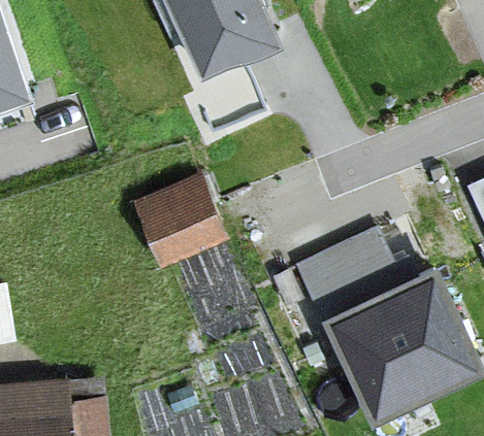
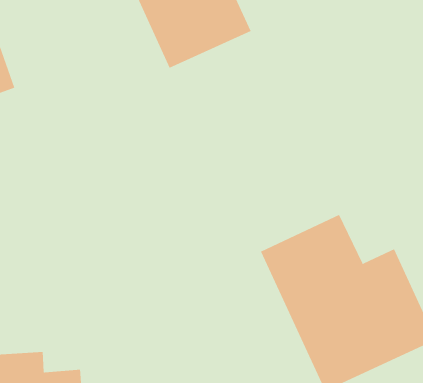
building: [134,175,225,263] -> none

